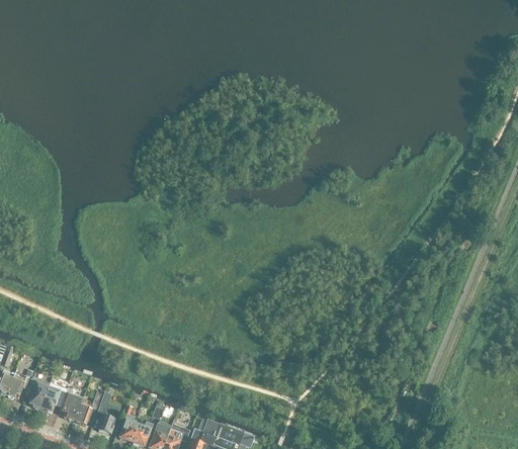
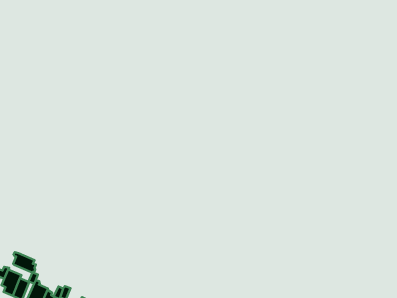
building: none -> [13,252,36,273]

